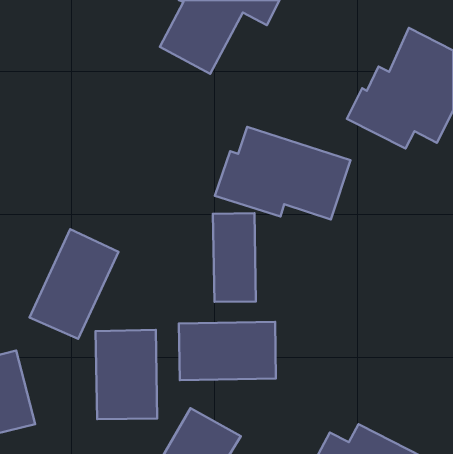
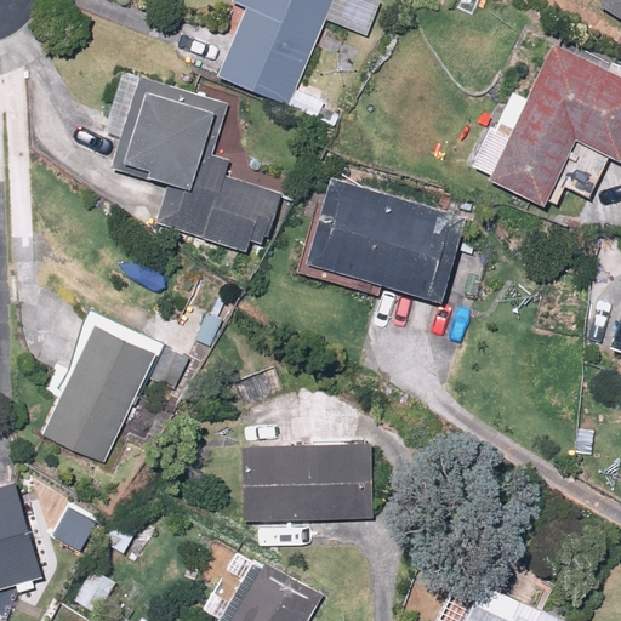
building: none -> [107,76,283,250]
building: [213,213,256,302] -> none
building: [96,330,157,419] -> none

